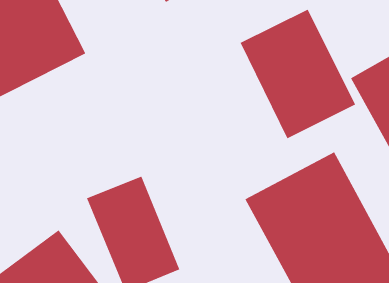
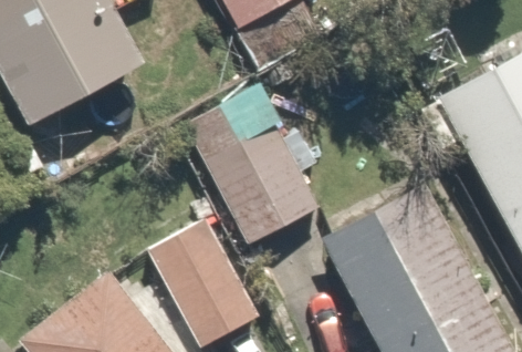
building: [240,9,356,139] -> none
building: none -> [201,122,332,240]

